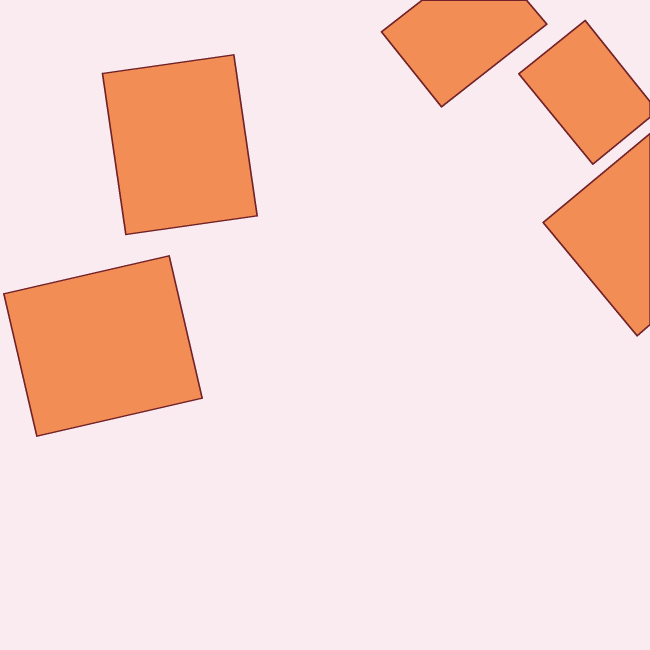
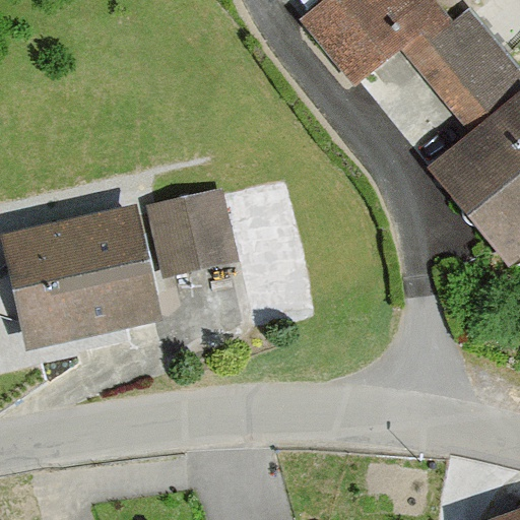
building: [102,55,257,235] -> none
building: none -> [162,183,240,269]

